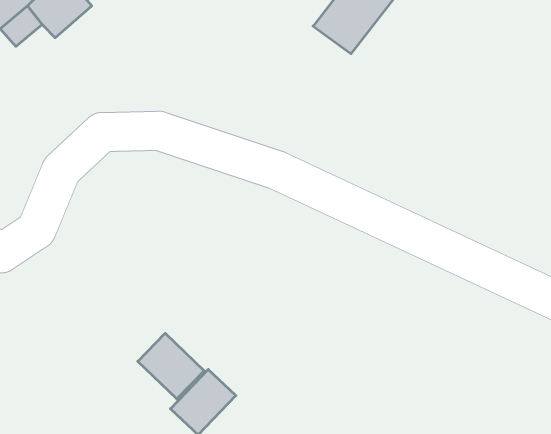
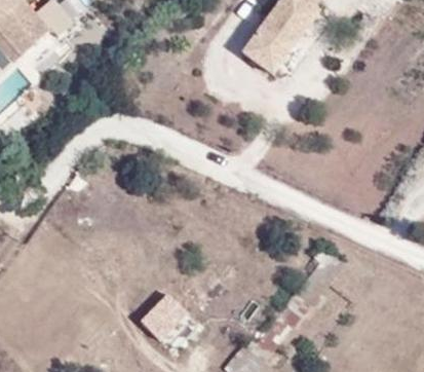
building: [138,333,204,399] -> none

